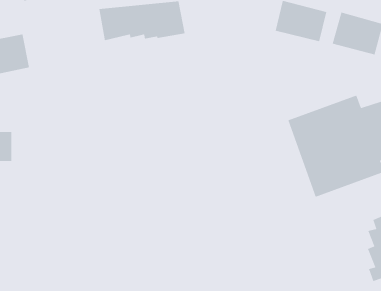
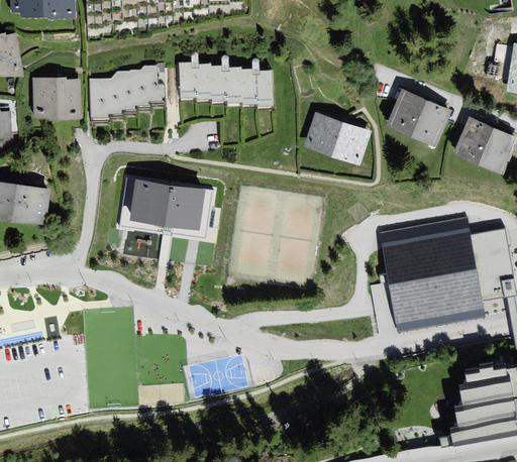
building: none -> [91,66,168,123]
building: none -> [302,109,372,165]
building: none -> [120,172,214,235]

